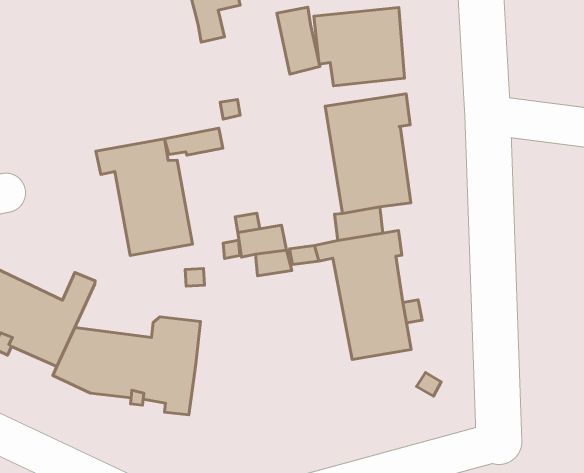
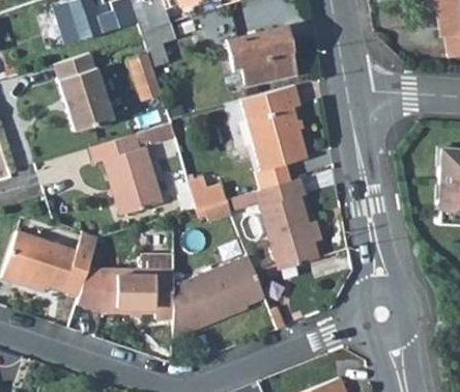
building: [277,7,320,74] -> [128,54,162,101]
building: none -> [53,53,113,132]
building: none -> [172,255,264,338]

